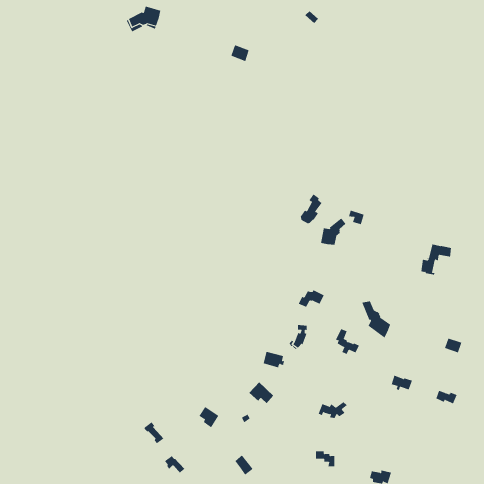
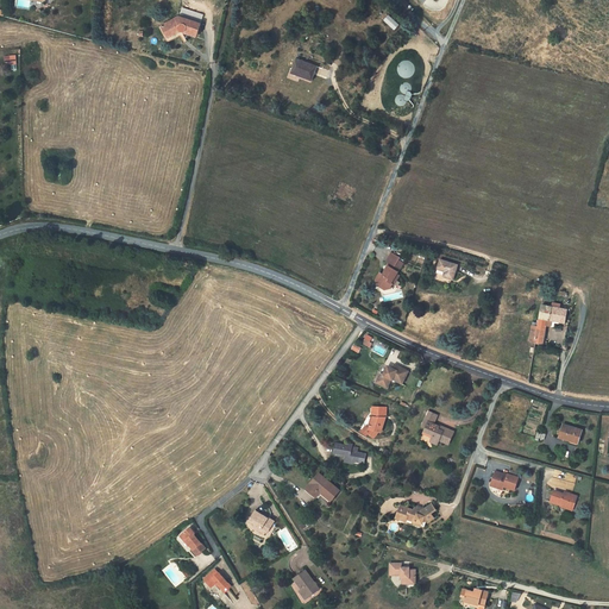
building: [320,217,346,245] -> none
building: [362,300,391,338] -> none

